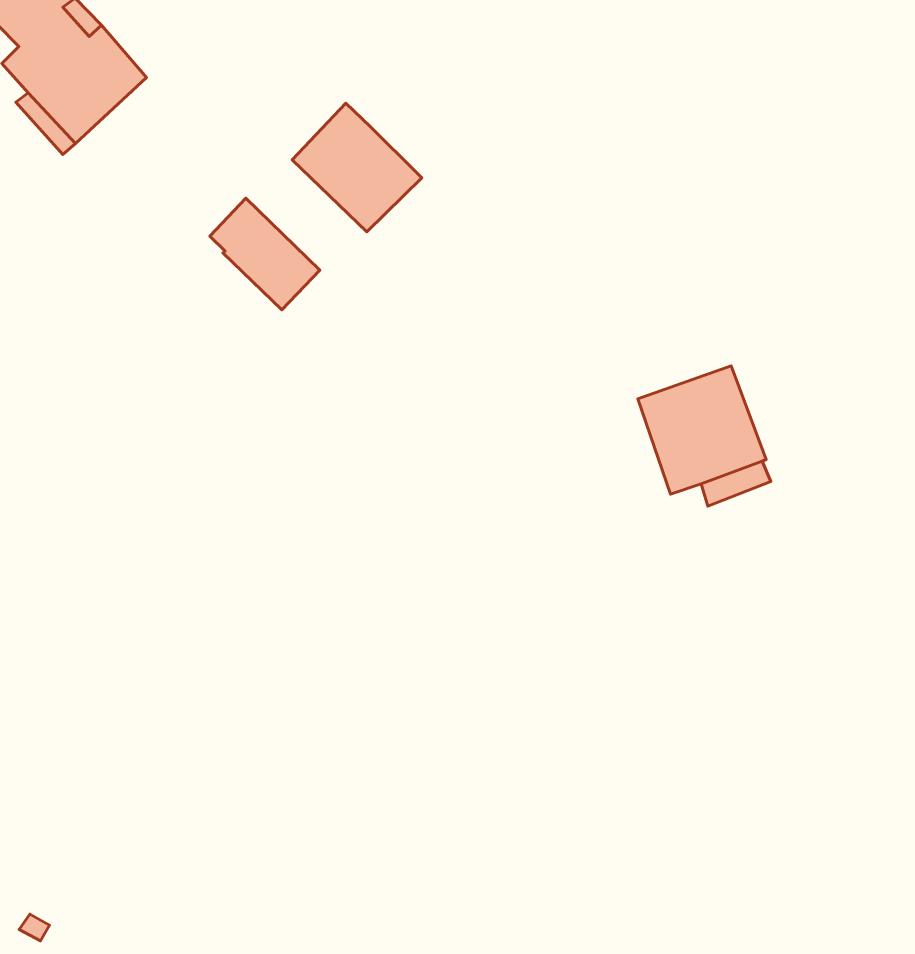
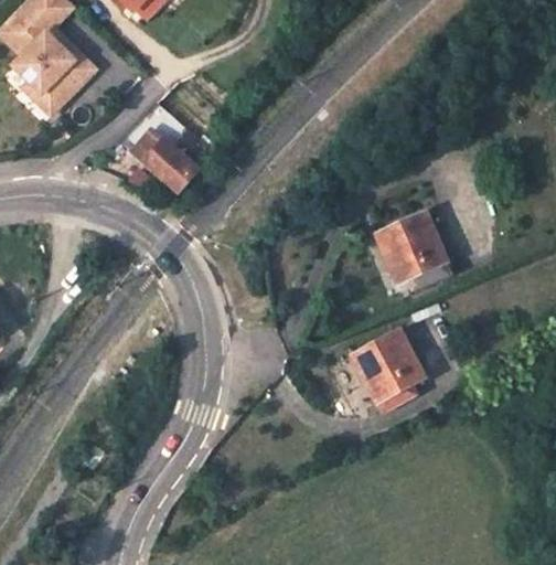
building: [292,103,422,232] -> none
building: none -> [350,331,424,404]

